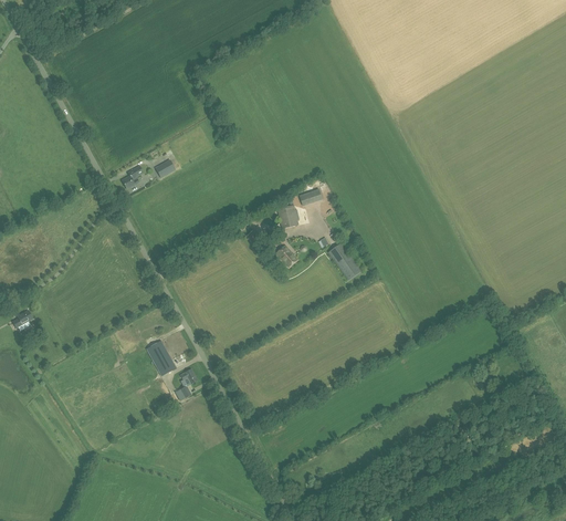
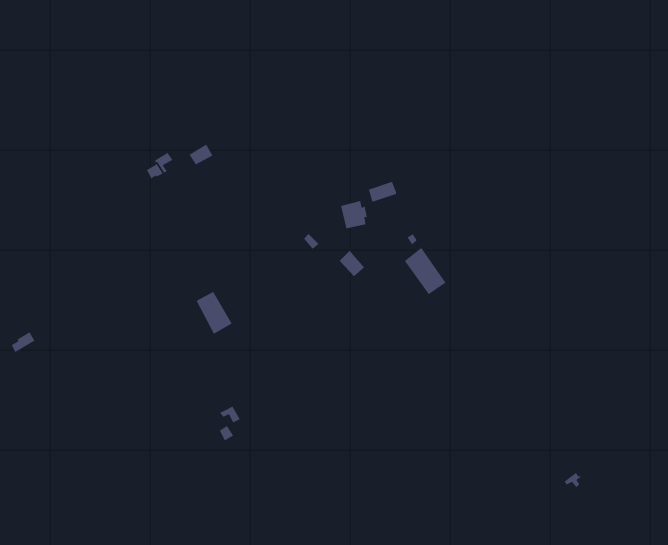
building: [146,341,176,376] -> [196,291,233,335]

